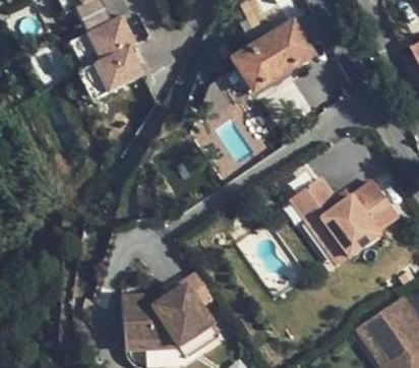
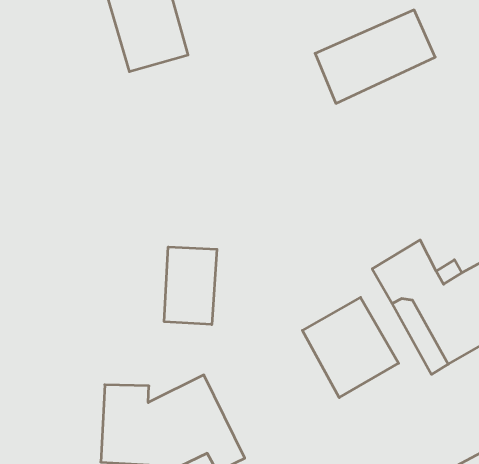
building: none -> [164,247,217,325]
building: none -> [302,297,399,398]

